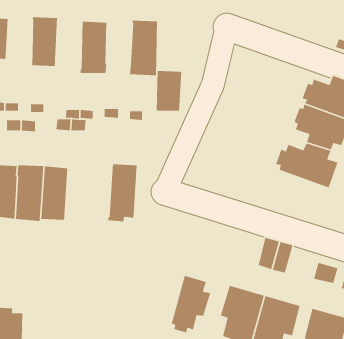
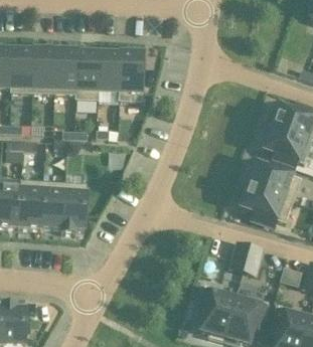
building: none -> [53,49,77,94]
building: none -> [10,50,33,92]
building: [156,70,182,111] -> [98,53,121,90]
building: [108,164,137,222] -> [60,181,87,232]
building: none -> [239,183,293,225]
building: [171,275,211,333] -> none

